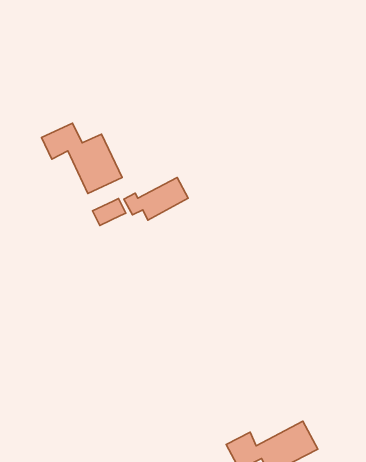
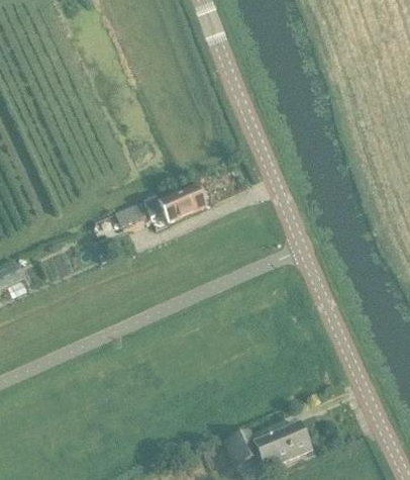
building: [41,123,122,194] -> none

